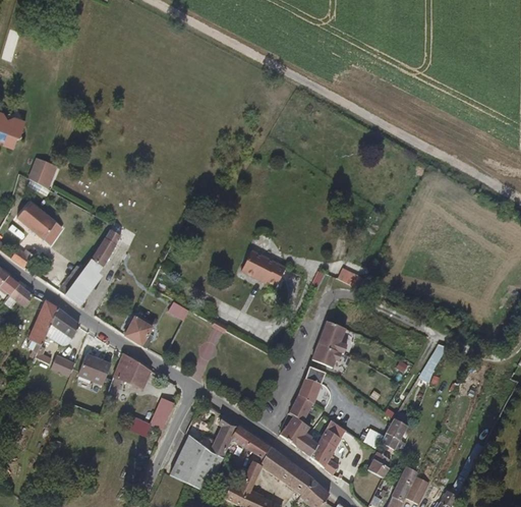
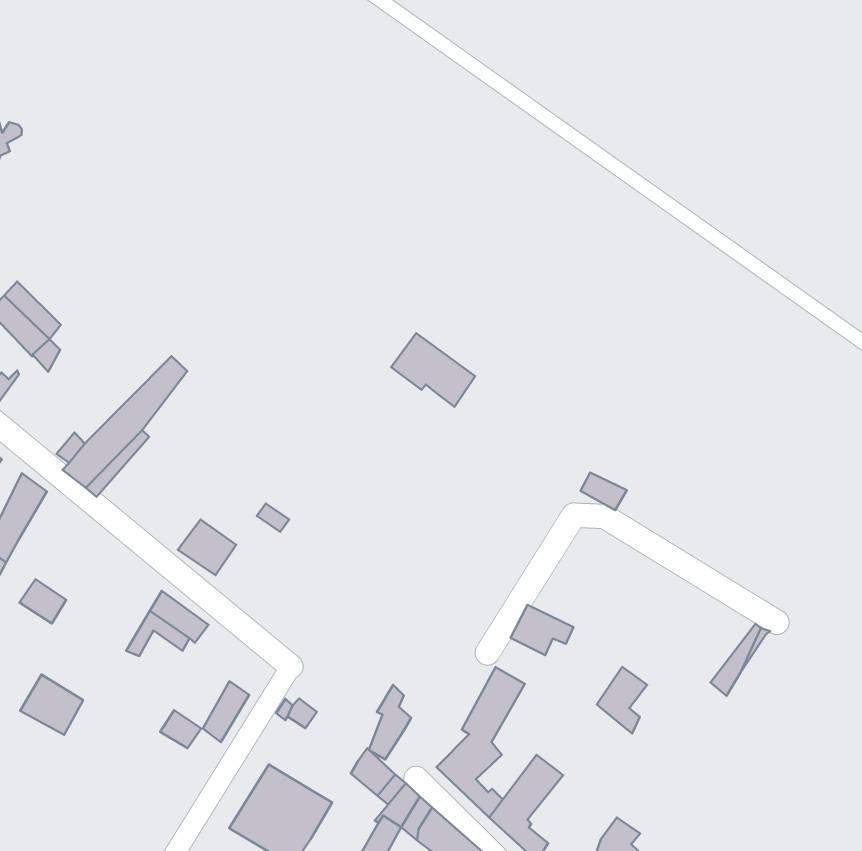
building: [31,157,59,185] -> none
building: [242,251,287,288] -> [391,333,475,407]
building: [45,308,79,344] -> none
building: [316,322,345,350] -> none
building: [75,356,108,387] -> [20,674,83,735]
building: [382,414,407,449] -> [597,667,647,734]
building: [216,416,236,456] -> [369,685,411,759]

